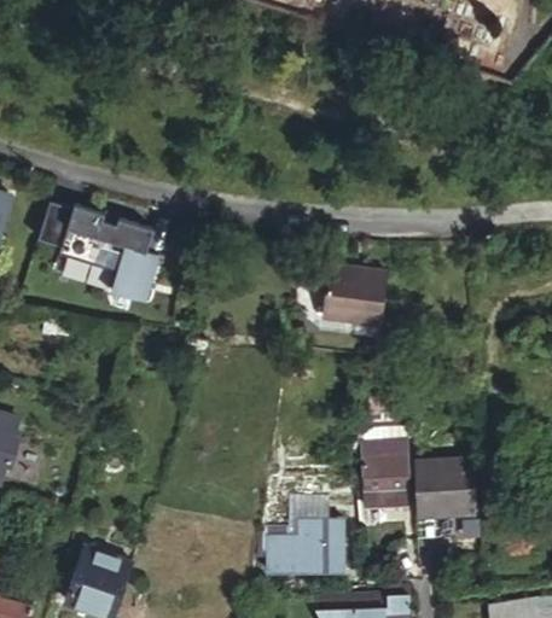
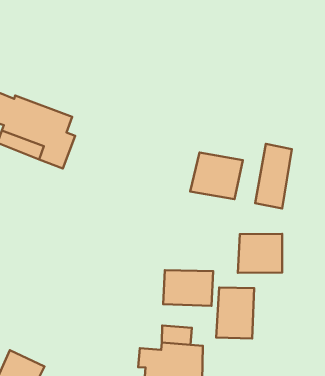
building: none -> [255,144,292,209]
building: none -> [163,270,213,306]
building: [417,460,477,517] -> [238,234,282,273]

